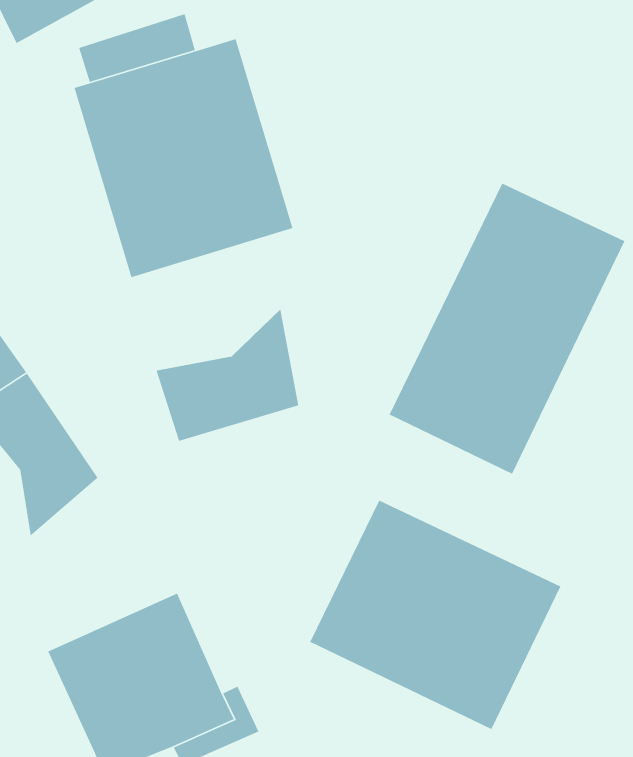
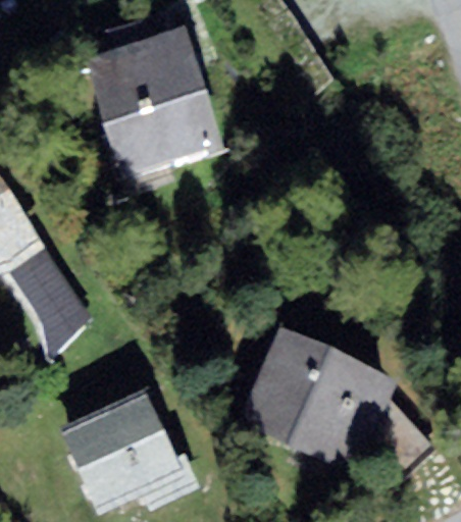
building: [388,182,626,475] -> none
building: [155,308,299,442] -> none

